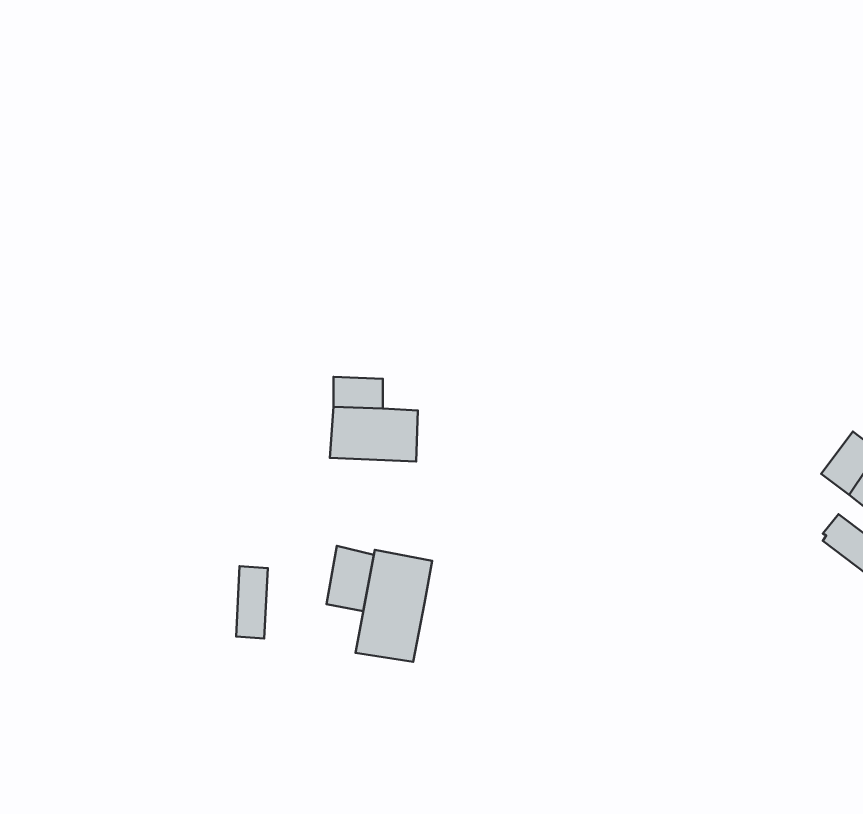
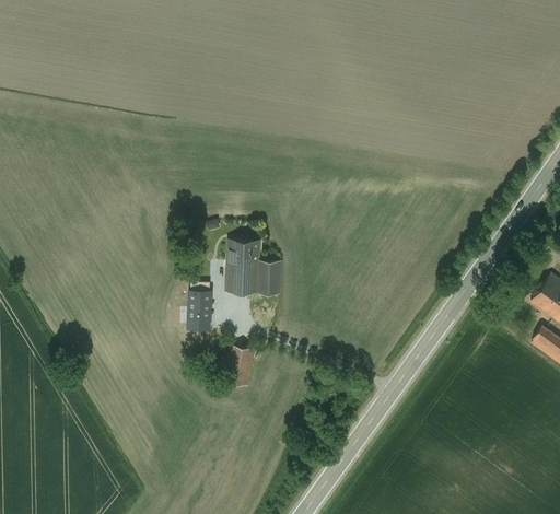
building: [355,550,432,662] -> none
building: [236,566,268,638] -> [189,283,209,328]

